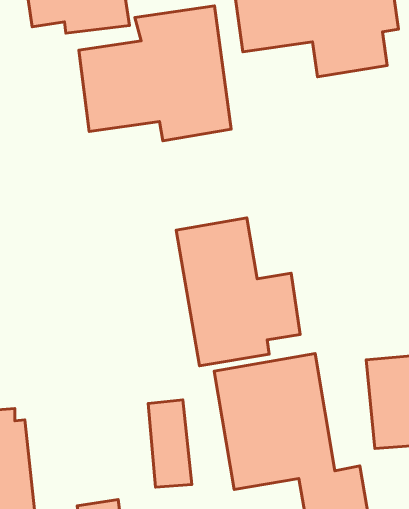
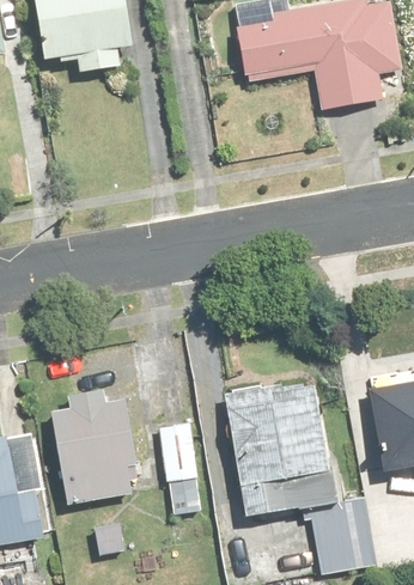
building: [79,6,231,141] -> none
building: [176,218,300,366] -> none
building: none -> [43,396,129,501]

